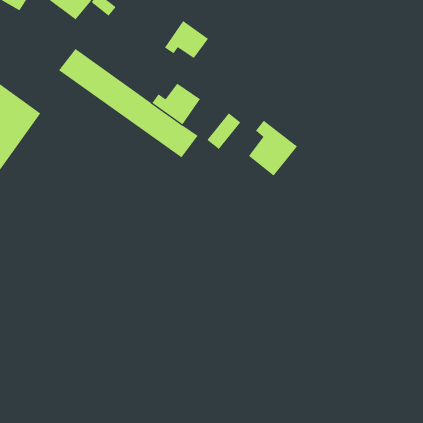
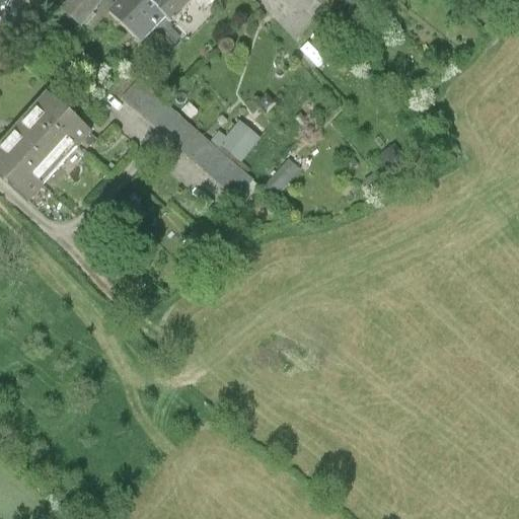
building: [164,20,209,59] -> none
building: [248,120,298,177] -> none

